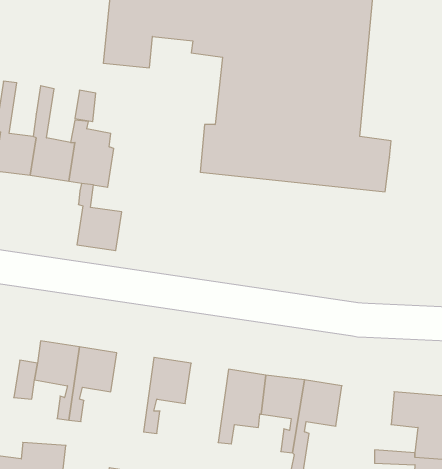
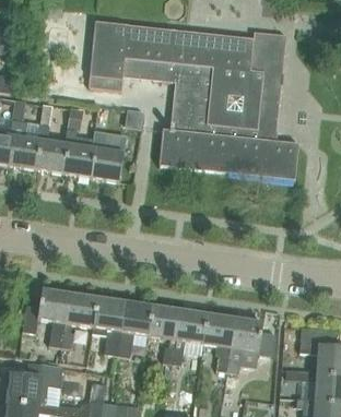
building: [77,183,122,251] -> [92,132,125,181]
building: none -> [92,298,126,356]
building: none -> [149,306,180,364]

